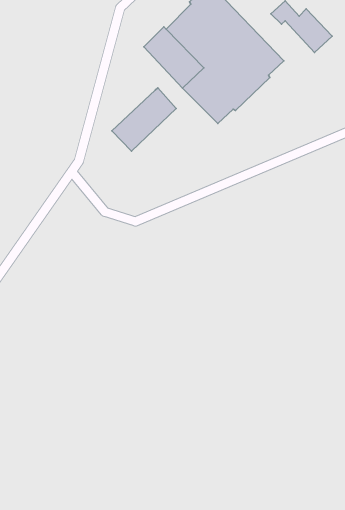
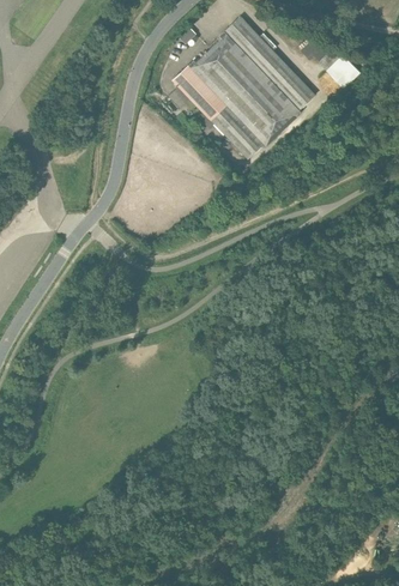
building: [112,88,176,151] -> none

